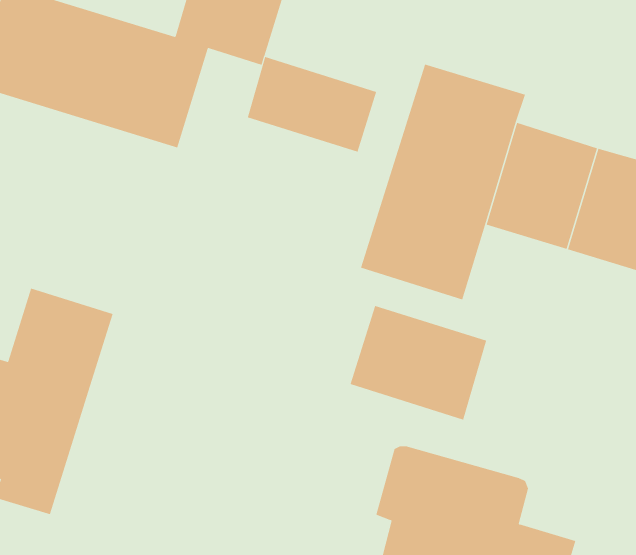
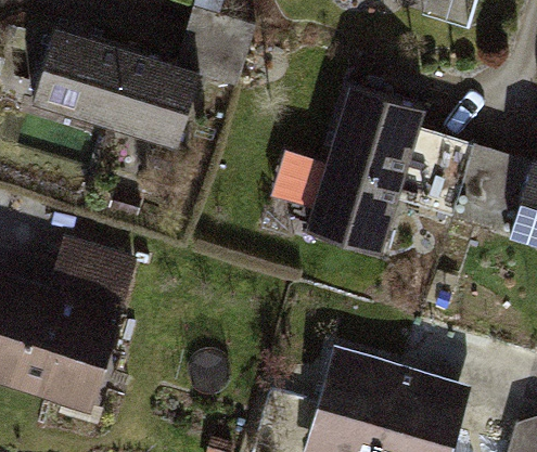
building: [247,56,377,152] -> none
building: [350,305,487,420] -> none

